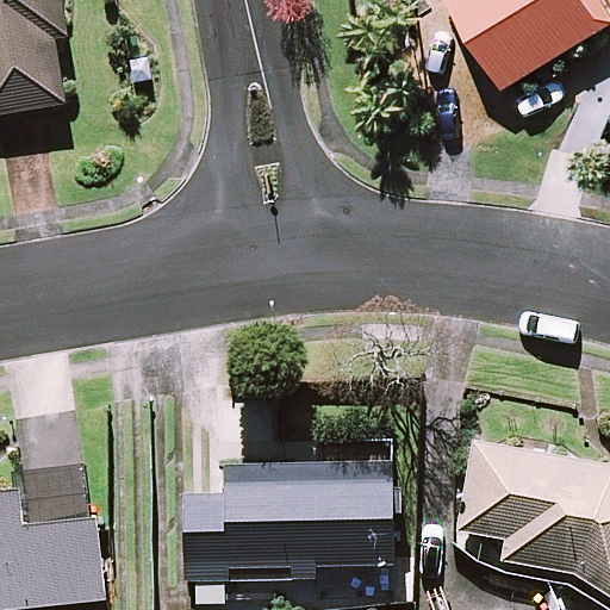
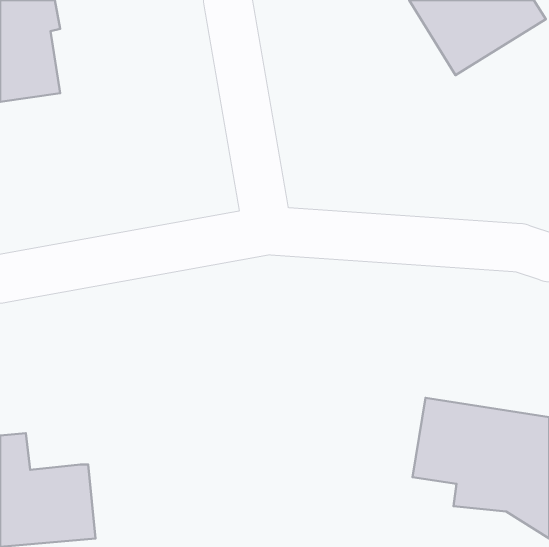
building: [186,463,394,602] -> none

